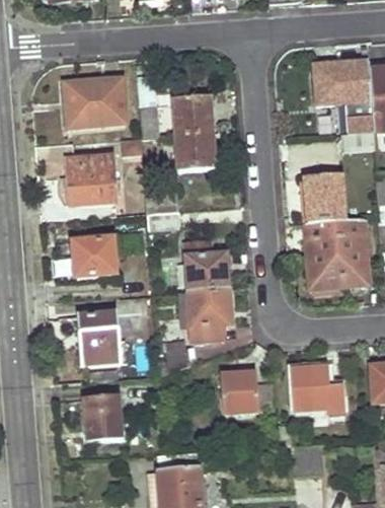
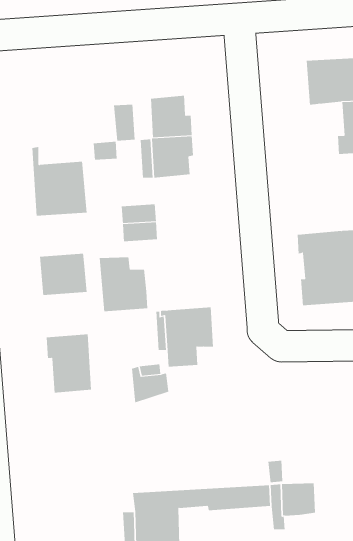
building: [65,80,127,127] -> none
building: [306,172,346,221] -> none
building: [184,240,229,290] -> [99,257,148,312]
building: [292,368,343,413] -> none
building: [221,373,275,413] -> none
building: [84,395,122,439] -> none

